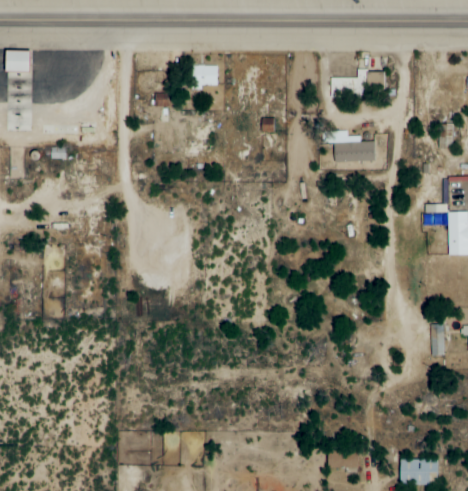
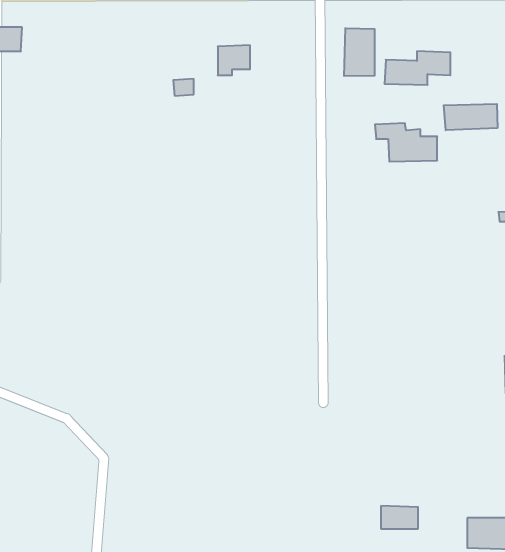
building: none -> [344,28,375,76]
building: none -> [444,104,497,130]

